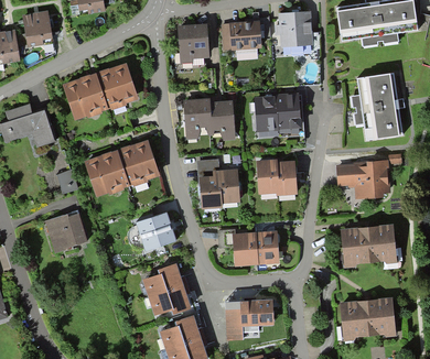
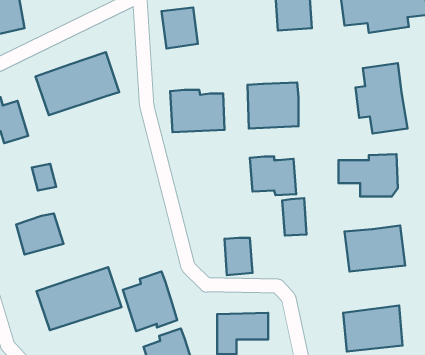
building: [229,23,260,51] -> none
building: [83,141,160,198] -> [37,267,121,330]
building: [198,171,238,209] -> none
building: [136,209,175,247] -> none
building: [256,232,278,266] -> [282,198,307,236]

